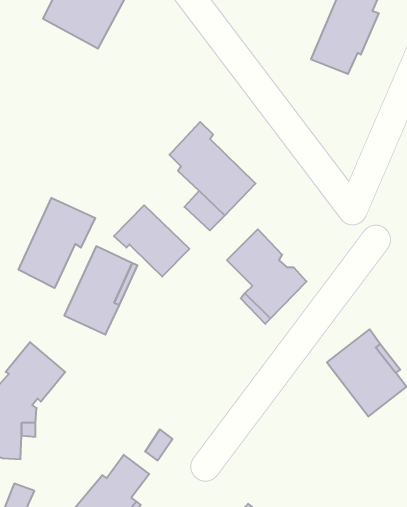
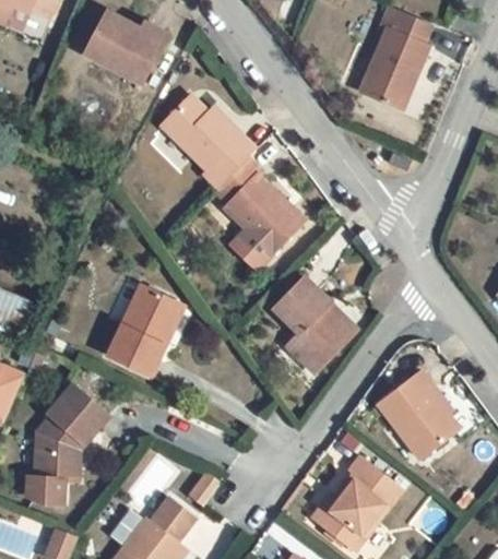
building: none -> [163,96,253,189]
building: [19,198,95,288] -> none
building: [114,205,189,277] -> none
building: none -> [312,449,401,545]

